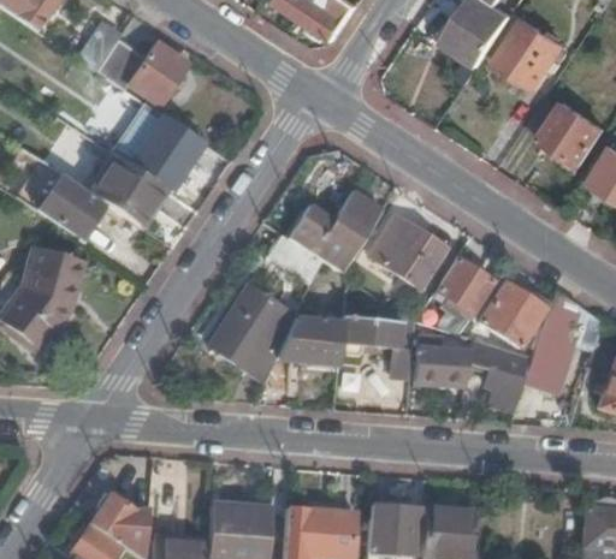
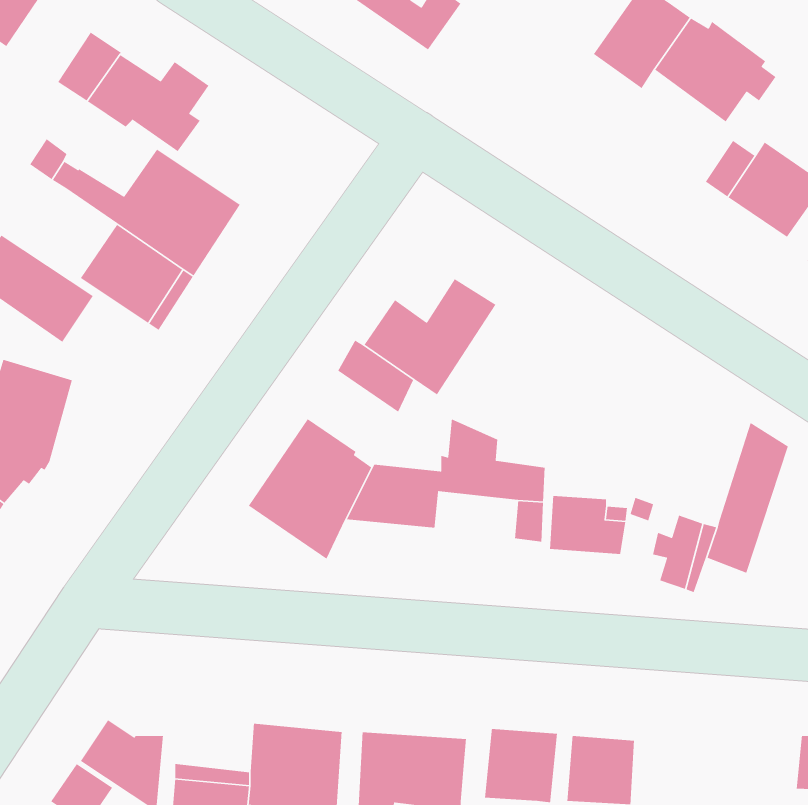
building: [368,219,442,287] -> none
building: [437,260,491,313] -> none
building: [480,275,546,347] -> none

